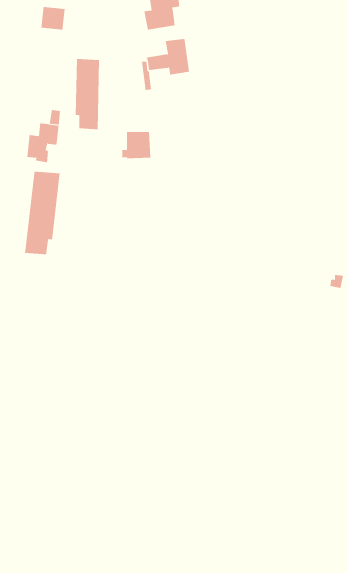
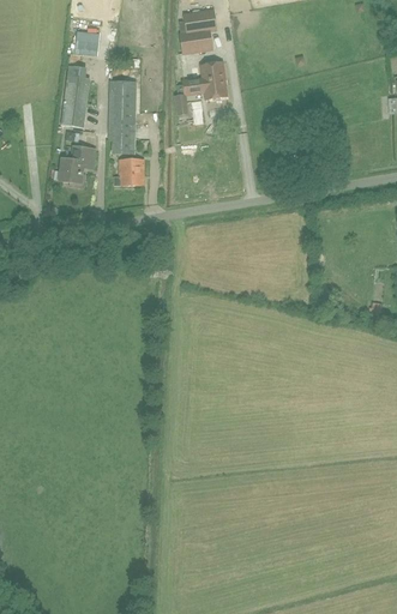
building: none -> [61,70,86,127]
building: [122,132,151,159] -> [114,159,144,187]
building: [24,171,60,255] -> none

